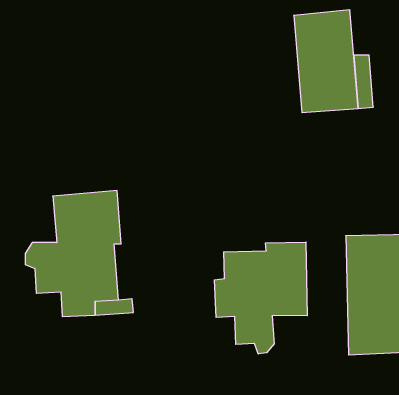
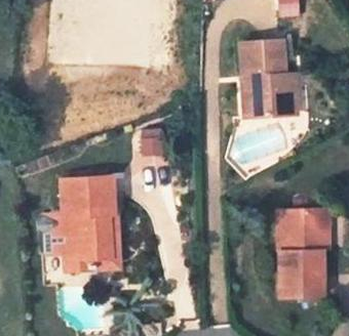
building: [214,242,307,354] -> none

